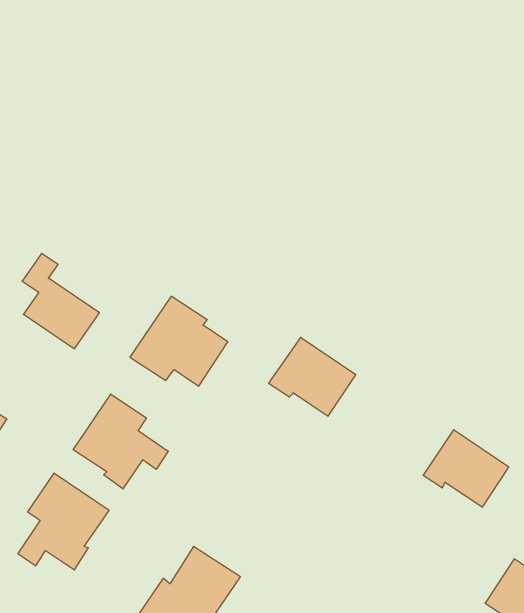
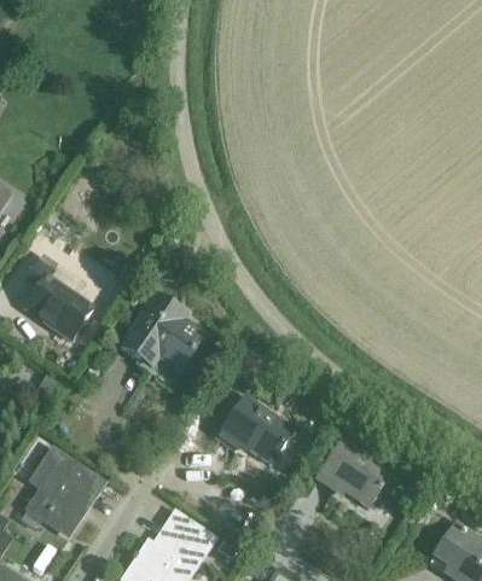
building: [269,337,356,416] -> [219,396,295,465]
building: [73,394,168,489] -> none
building: [423,430,509,507] -> [317,440,391,507]

